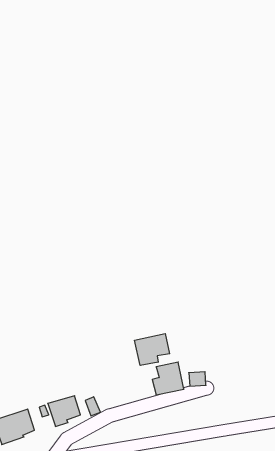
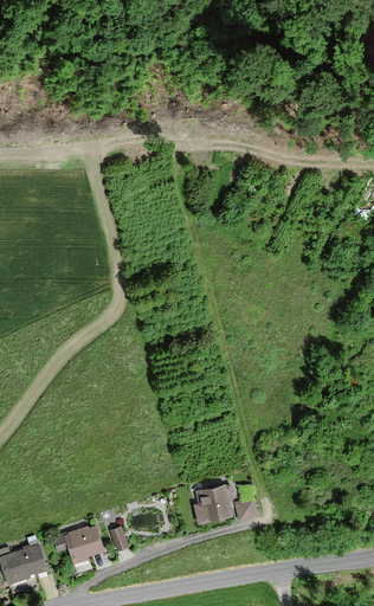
building: [135,334,170,365] -> none

